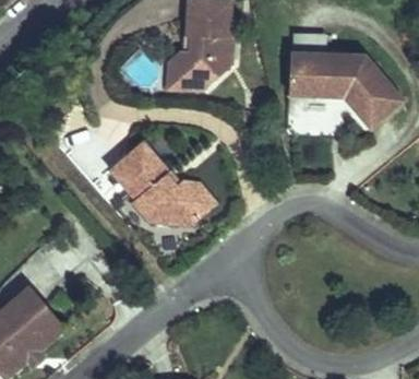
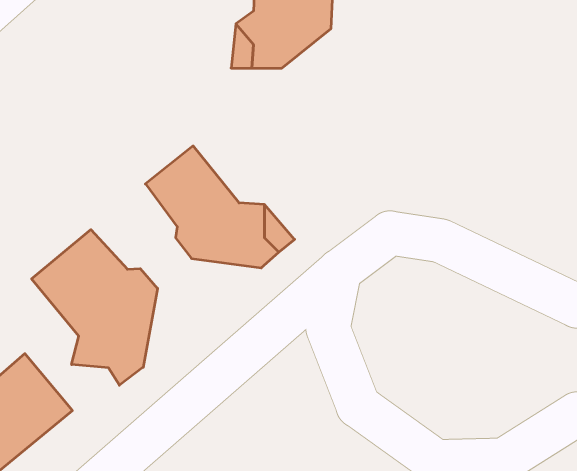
building: [284,52,398,128] -> none
building: none -> [32,230,158,385]

